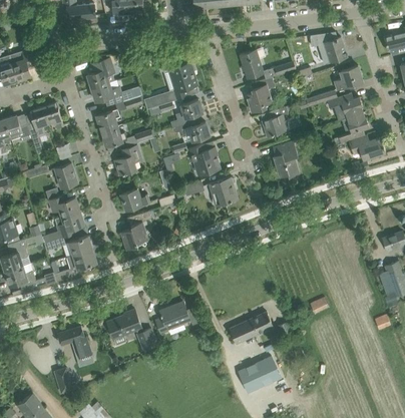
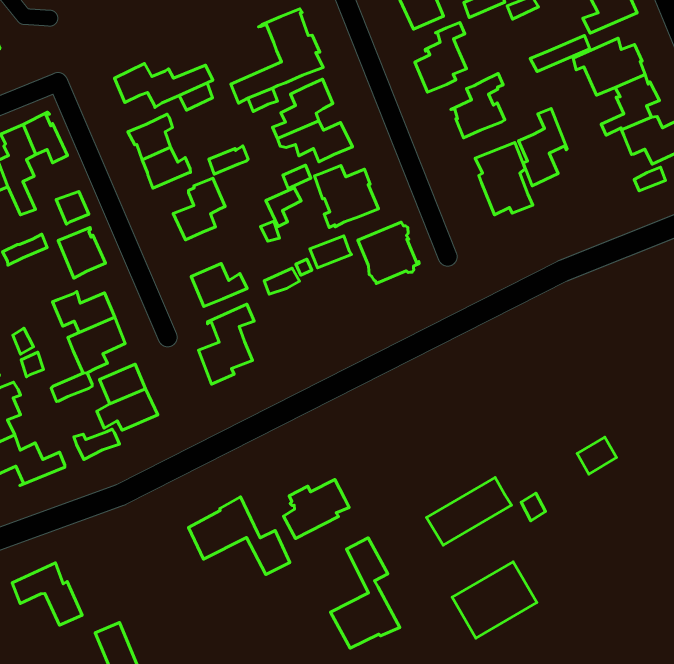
building: [86,58,114,88] -> none
building: none -> [518,109,567,186]
building: [57,326,91,358] -> [12,563,82,625]
building: none -> [330,538,400,648]

